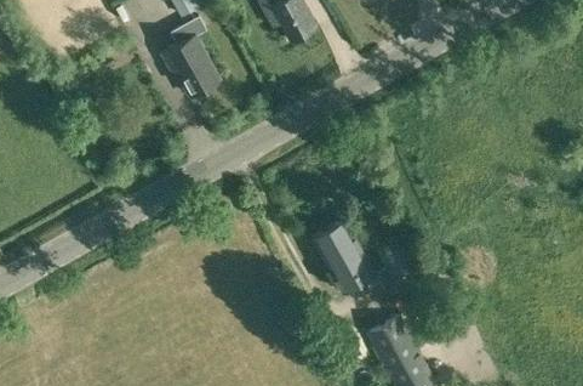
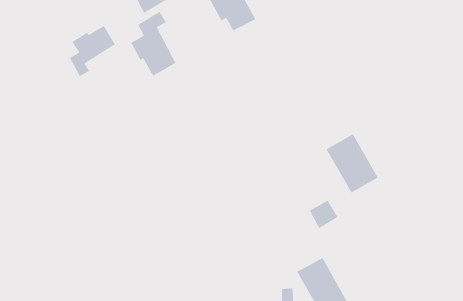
building: none -> [69,25,116,77]
building: [310,218,376,293] -> [325,133,379,194]

